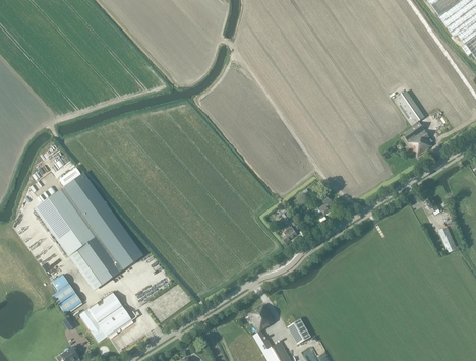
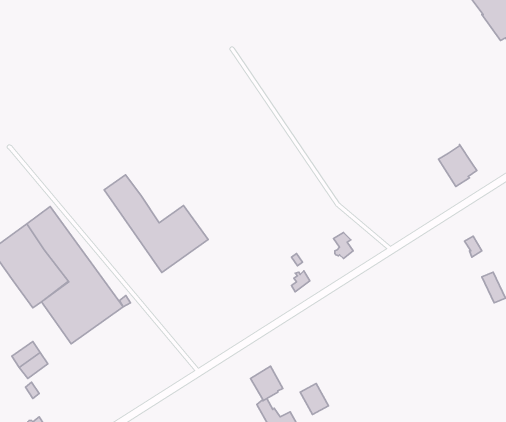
building: [394,89,425,125] -> none
building: none -> [104,175,208,273]
building: [79,291,132,341] -> none

